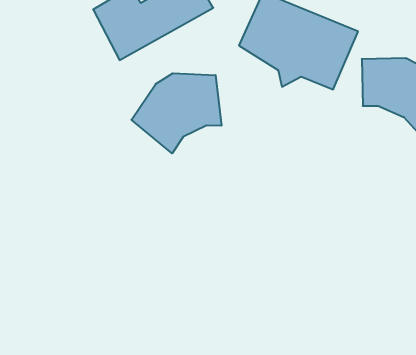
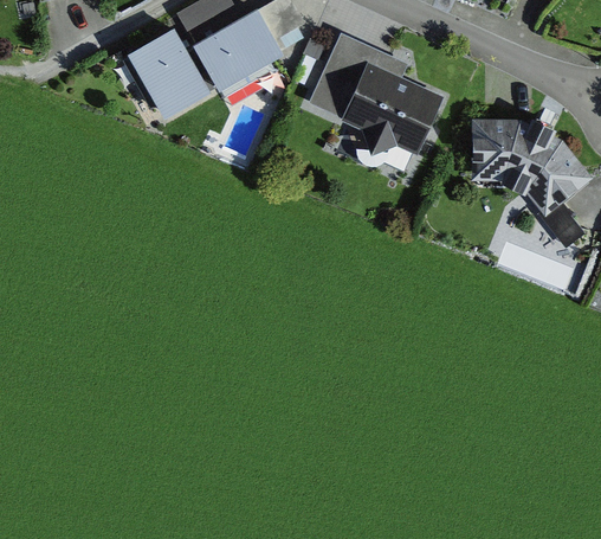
building: [131,73,221,153] -> none

